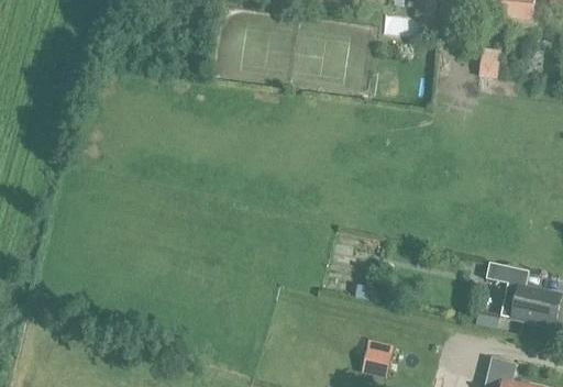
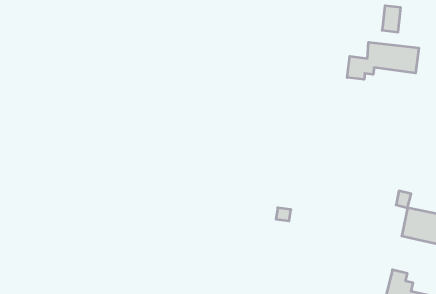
building: none -> [347,42,419,79]
building: [360,344,390,375] -> none

